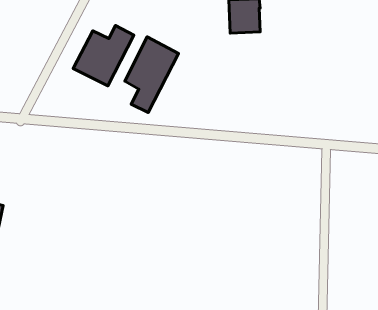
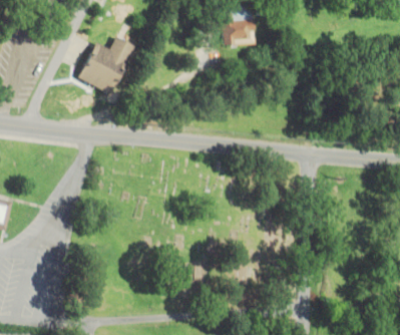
building: [125,37,179,113] -> none

